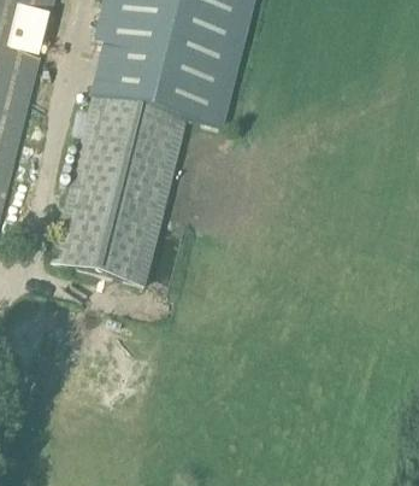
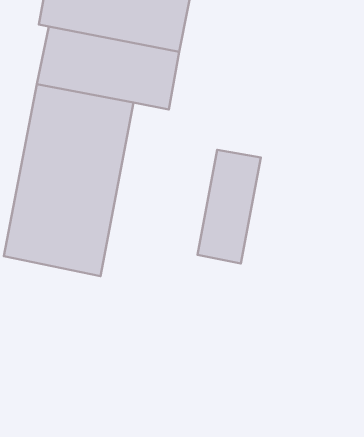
building: none -> [197,150,261,264]

